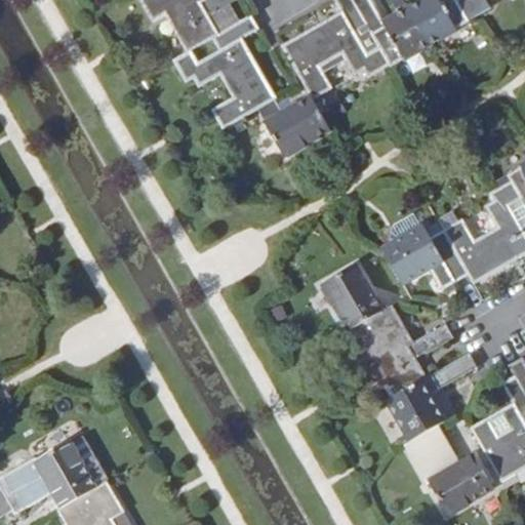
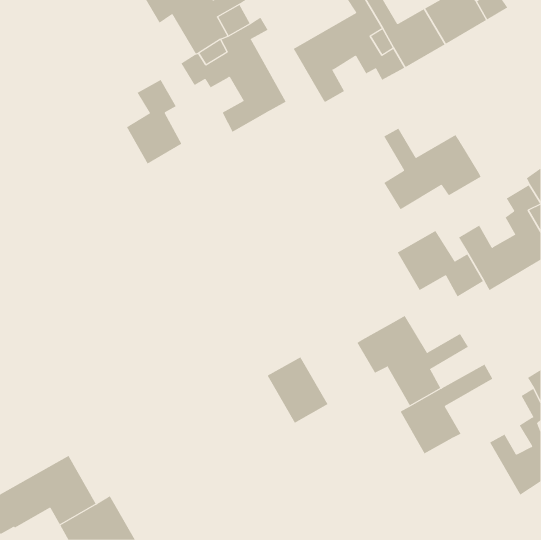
building: none -> [126,79,182,165]
building: [258,96,330,156] -> none
building: none -> [383,128,482,210]
building: [323,264,382,328] -> [267,356,328,423]
building: [405,423,492,514] -> none

